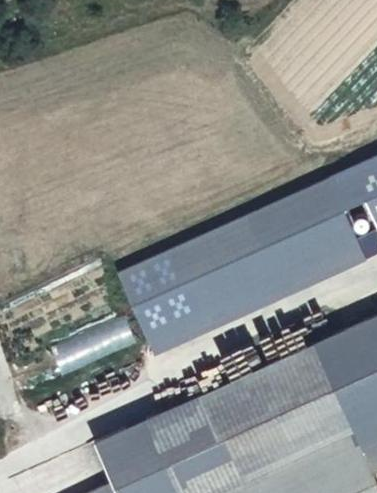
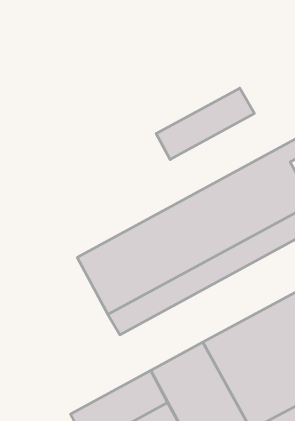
building: none -> [156,88,254,160]

